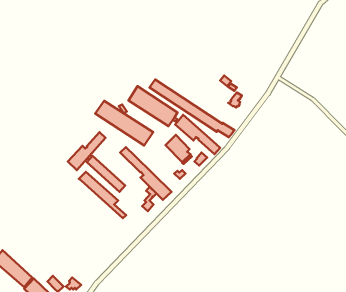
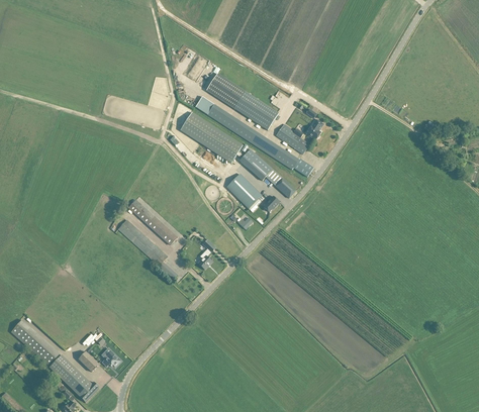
building: none -> [274,123,308,153]
building: [95,101,153,146] -> [204,73,277,129]
building: [68,132,106,170] -> none
building: [120,147,171,200] -> none

